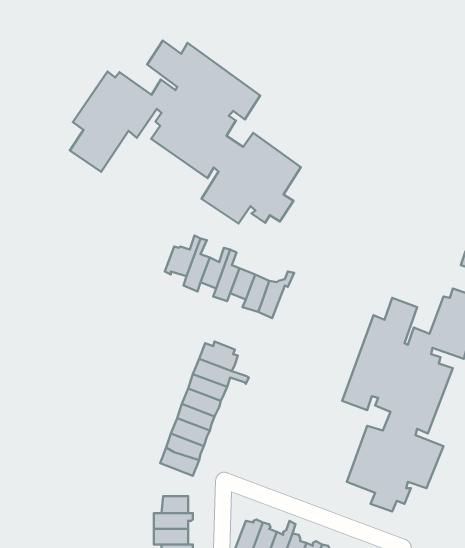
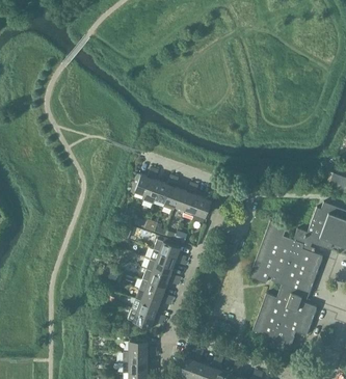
building: [70,40,301,224] -> none

